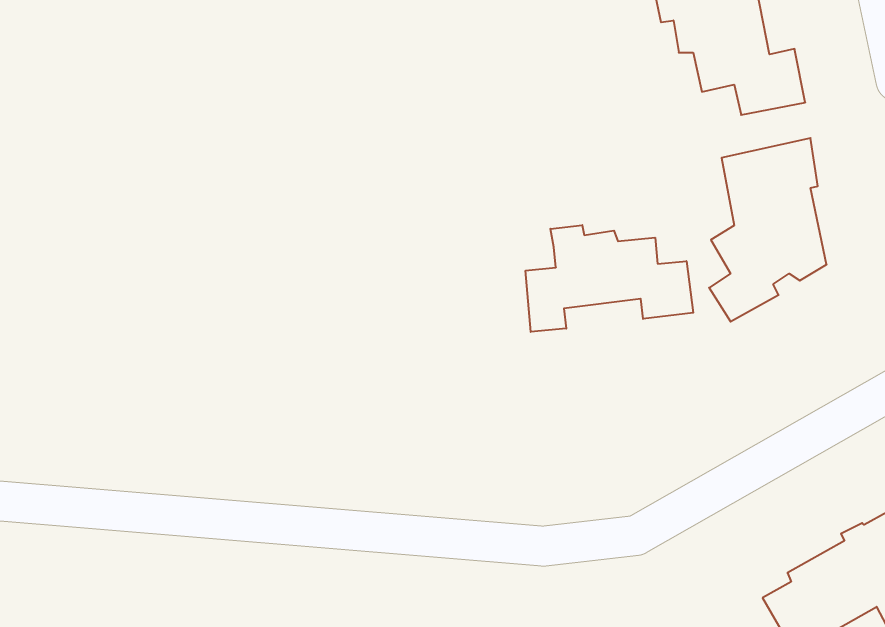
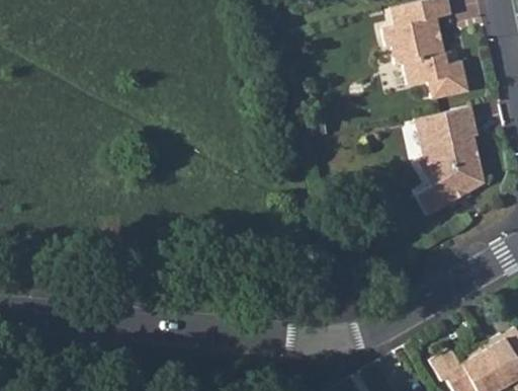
building: [526,225,693,332] -> none

